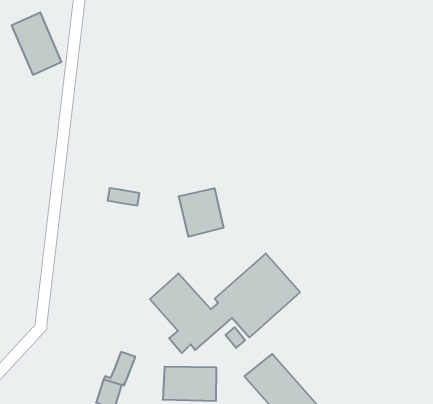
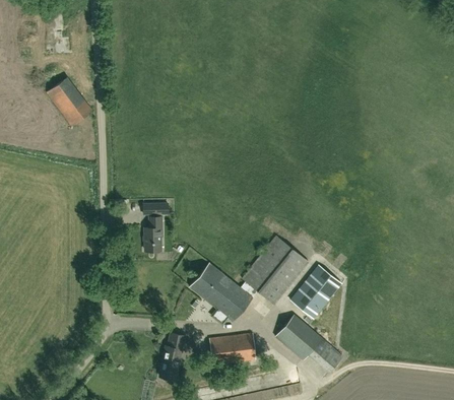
building: [179,188,223,237] -> none
building: none -> [145,217,163,251]
building: none -> [290,265,341,319]

